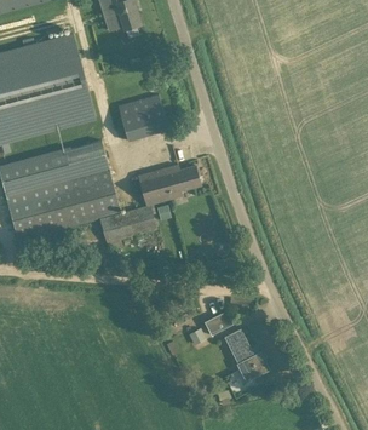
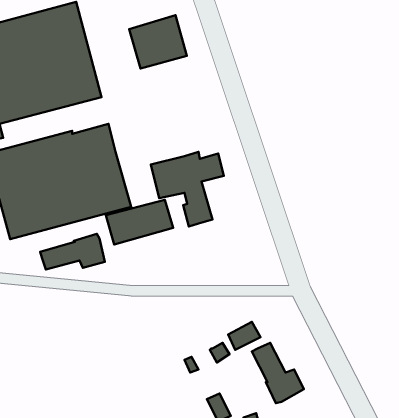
building: [119,93,168,139] -> [129,15,187,68]
building: none -> [40,234,105,269]

